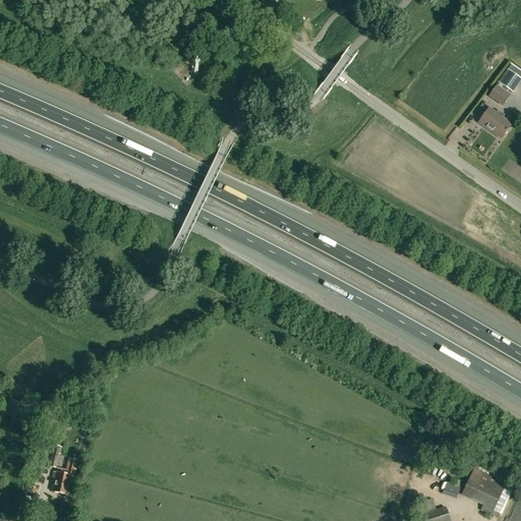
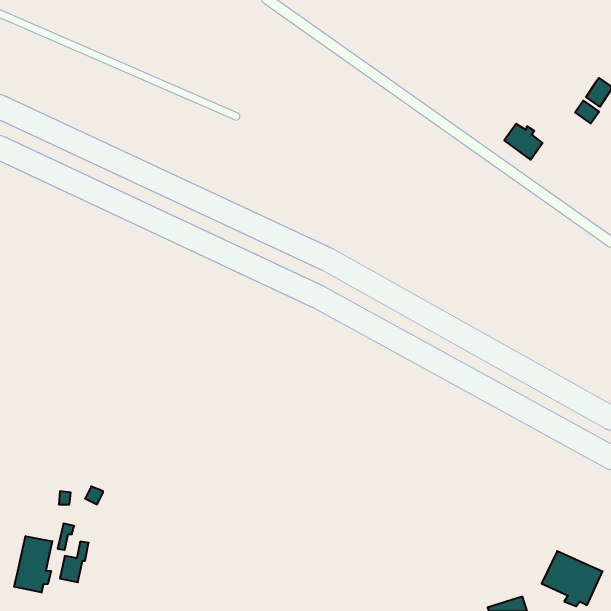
building: [477,108,510,138] -> [504,124,543,160]
building: none -> [14,536,52,593]

